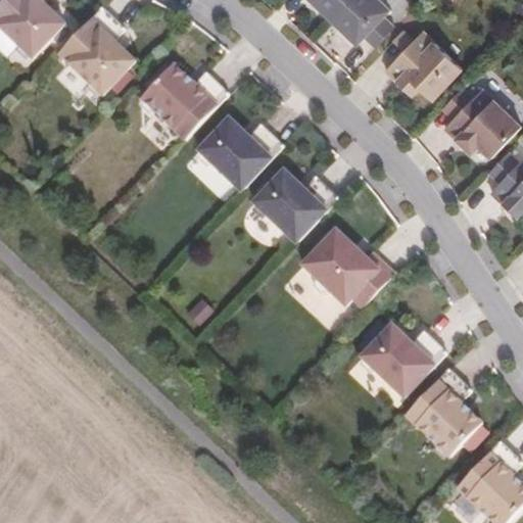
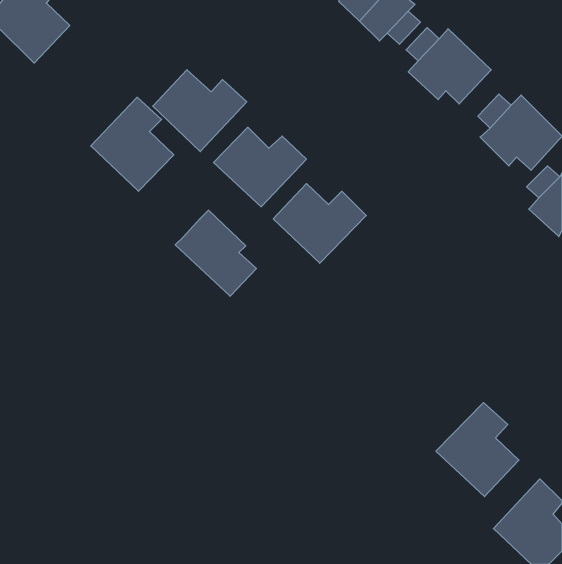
building: [58,8,135,95] -> [91,97,174,191]
building: none -> [175,210,256,296]
building: [303,226,396,305] -> none
building: [361,324,446,397] -> none

